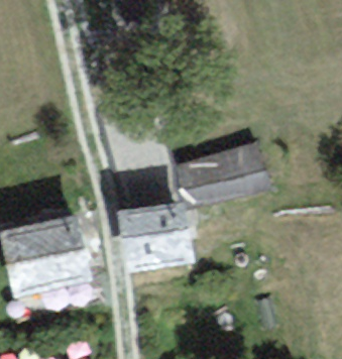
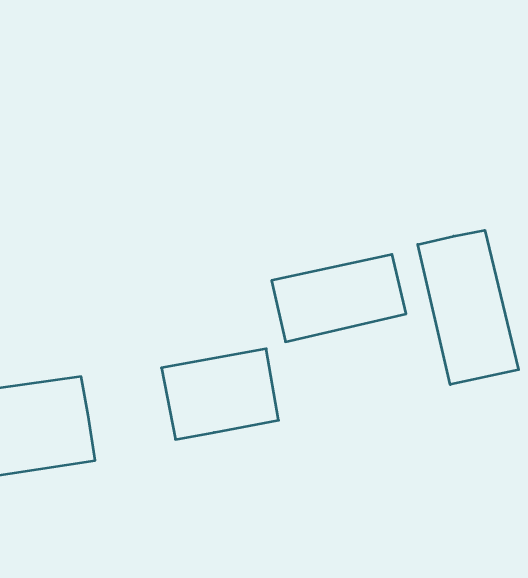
building: none -> [418,230,519,385]

